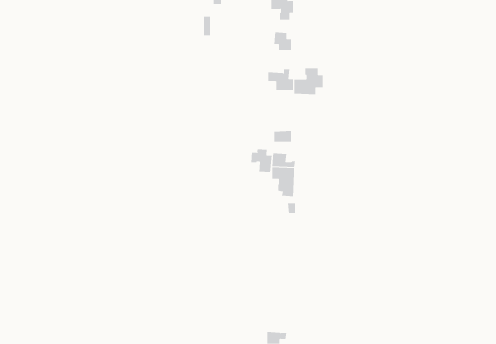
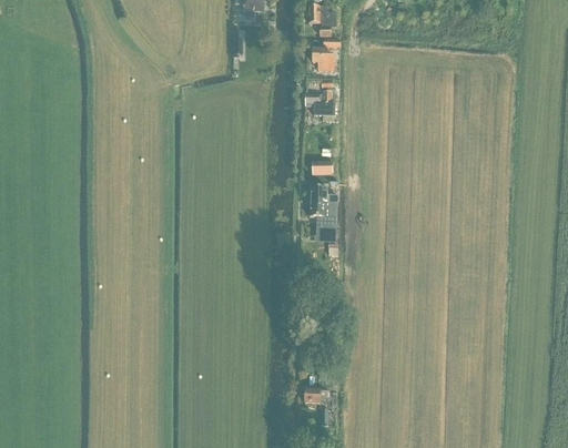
building: [294,67,323,95] -> none
building: [251,148,272,173] -> none

